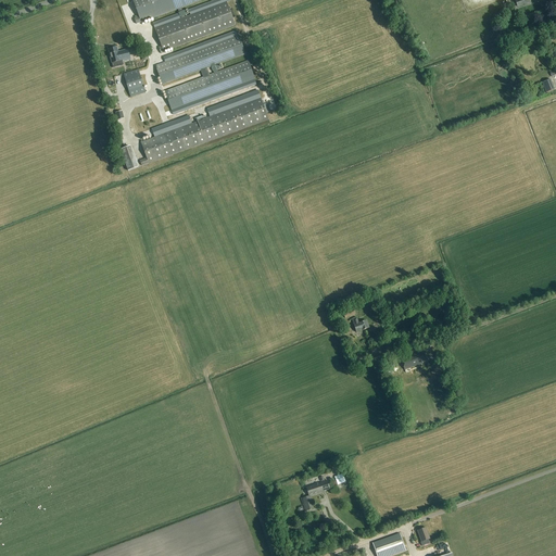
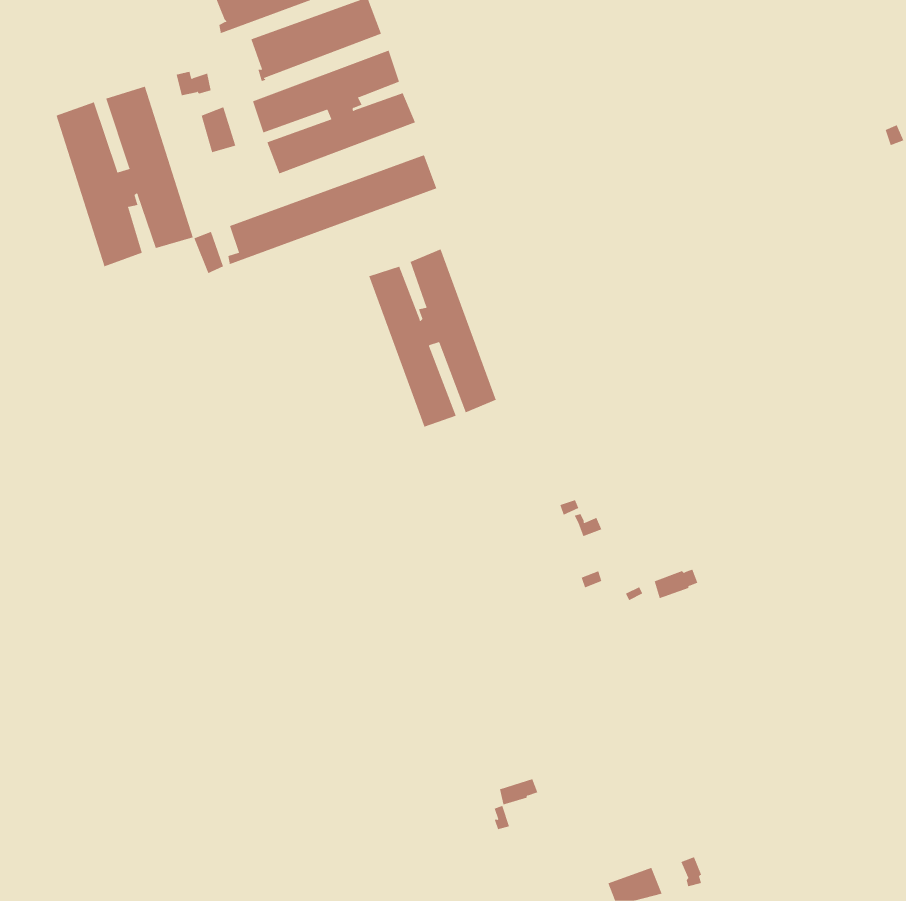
building: none -> [56,86,193,267]
building: none -> [368,248,497,428]

